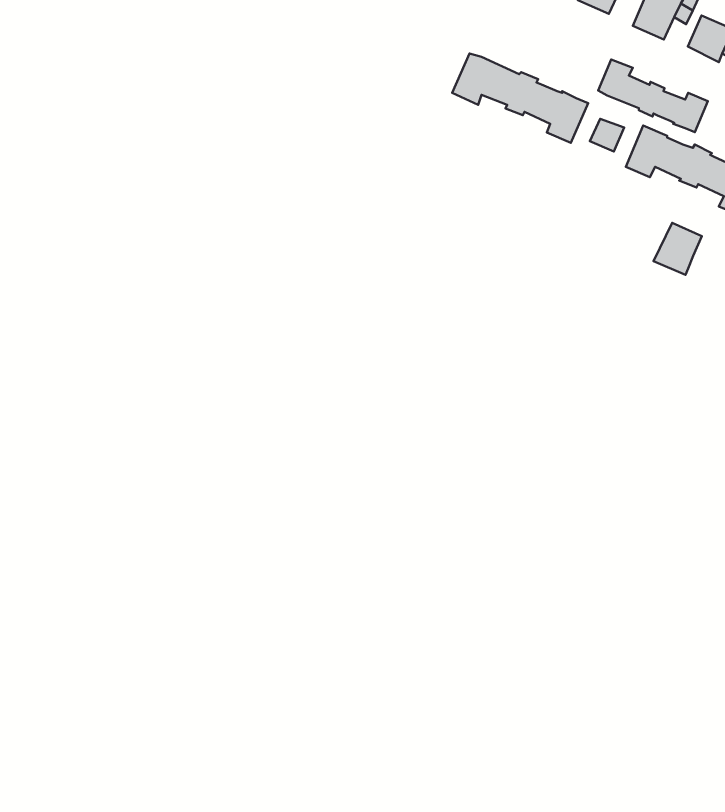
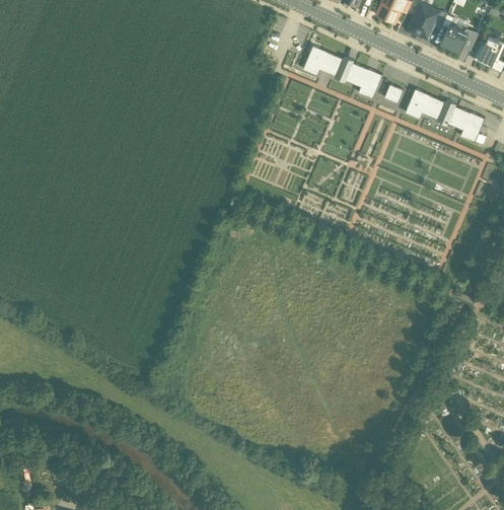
building: [598,60,708,132] -> none
building: [654,223,702,275] -> none

